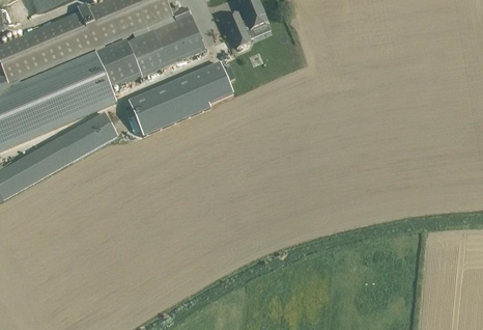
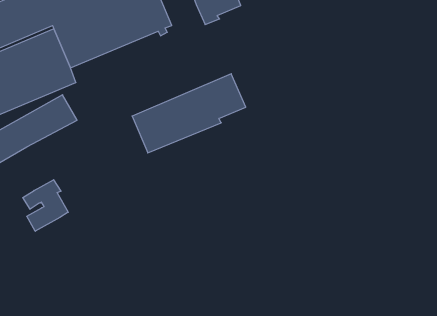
building: [127,61,233,135] -> [132,74,246,153]
building: none -> [23,180,68,231]

